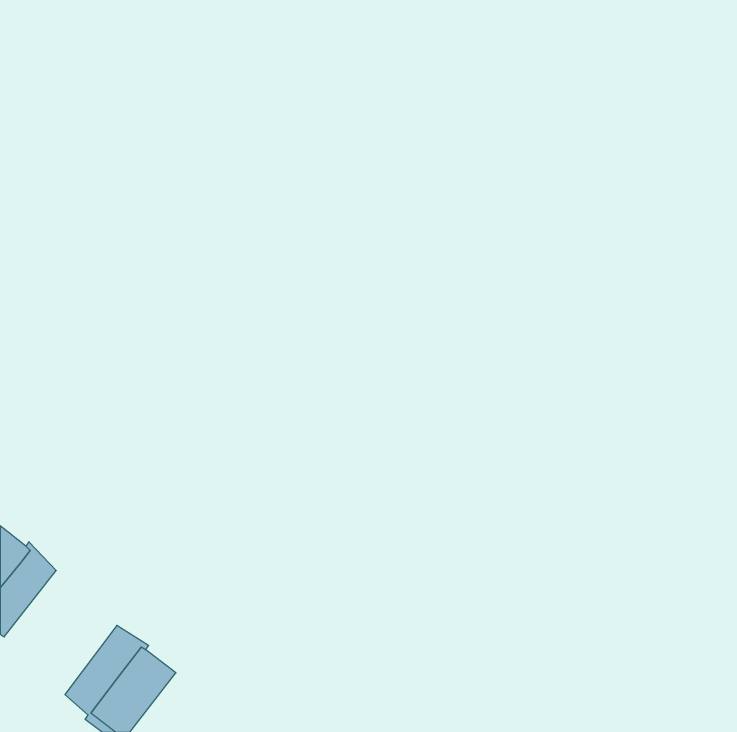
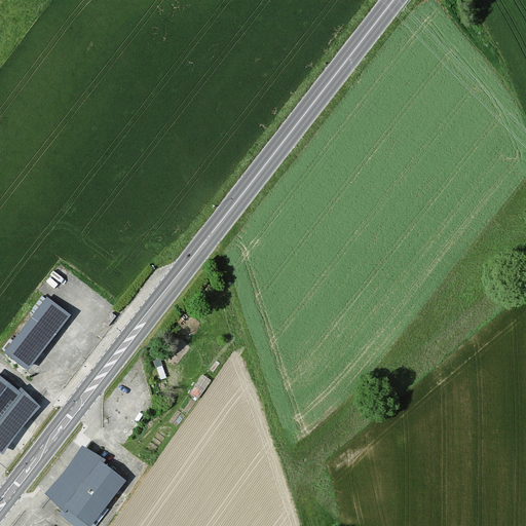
building: none -> [5,297,68,367]

